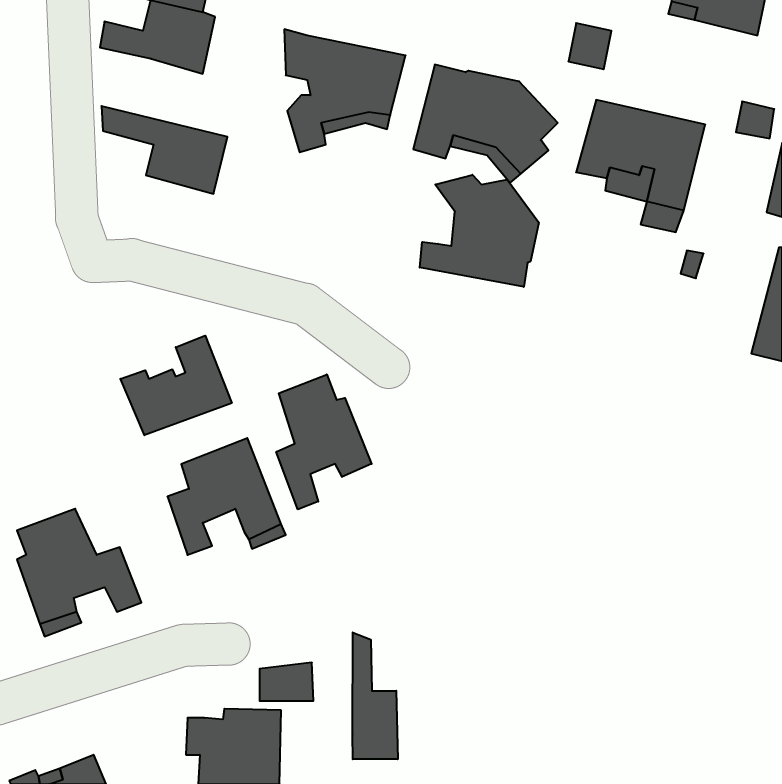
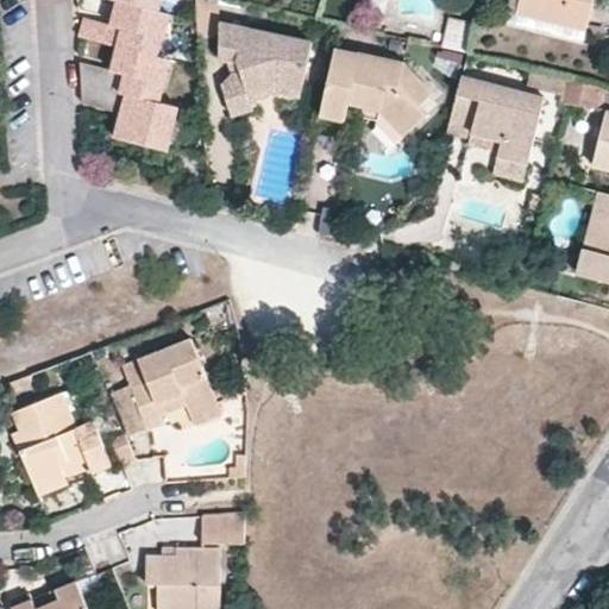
building: none -> [79,45,168,101]
building: [420,175,539,287] -> none
building: [120,336,232,435] -> none
building: [276,374,372,509] -> none
building: [353,632,398,759] -> none

